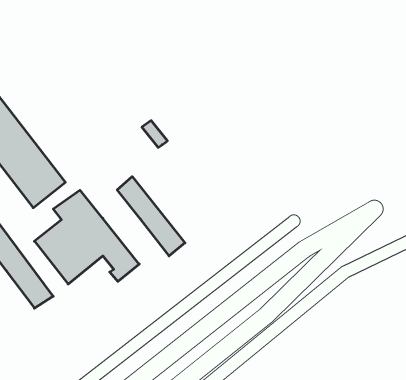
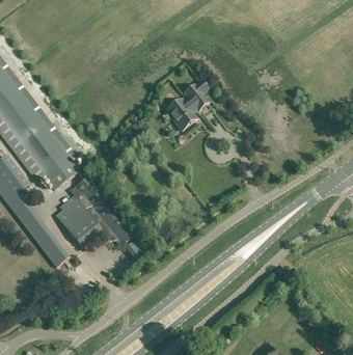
building: none -> [165,83,207,129]
building: [117,177,185,256] -> none

